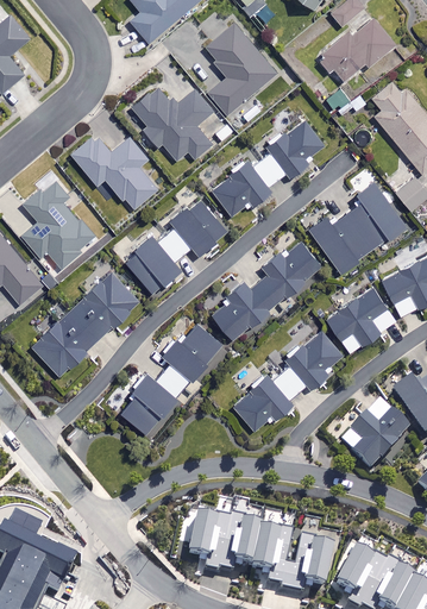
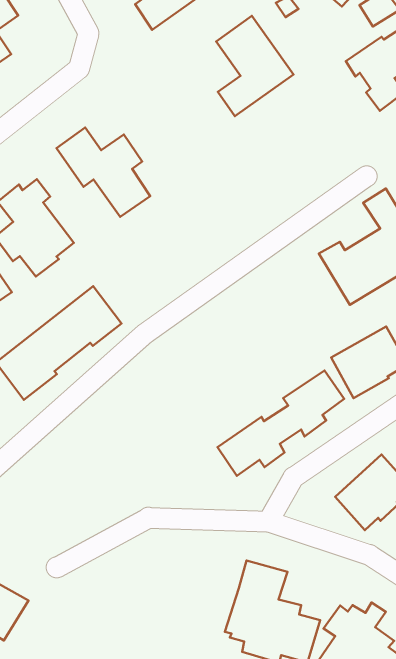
building: [132,83,213,159] -> none
building: [211,120,322,215] -> none
building: [127,199,228,294] -> none
building: [214,240,324,340] -> none
building: [121,322,222,433] -> none
building: [172,491,262,571] -> none

